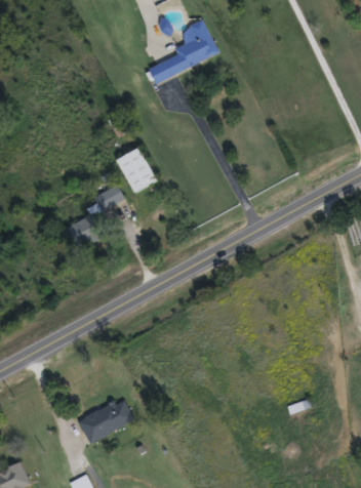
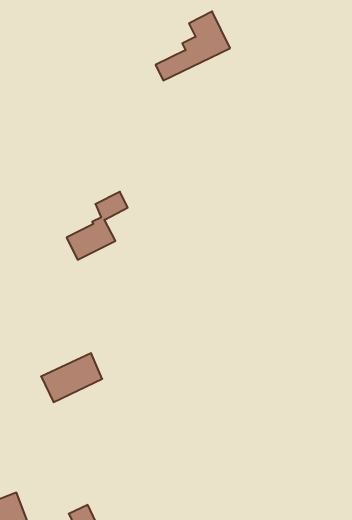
building: [116,149,155,193] -> none
building: [77,398,133,443] -> [41,353,102,402]

